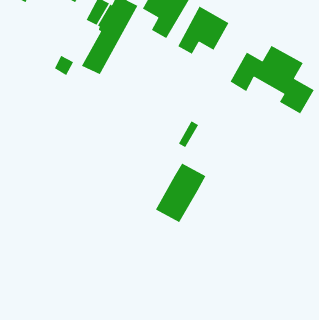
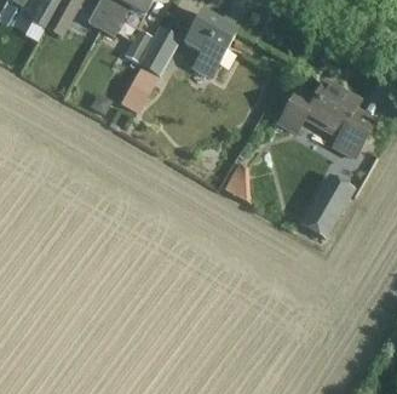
building: [177,6,230,55] -> none
building: [155,162,206,223] -> [299,173,355,239]

